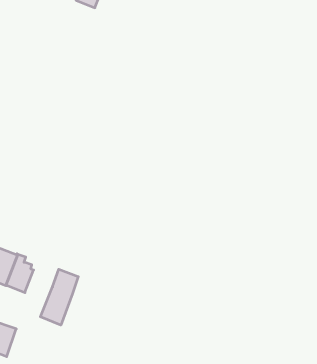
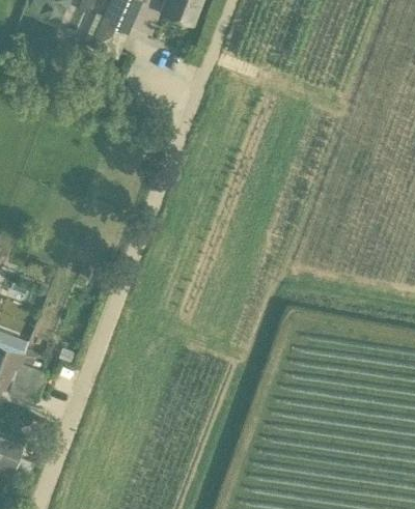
building: [40,269,78,325] -> none

